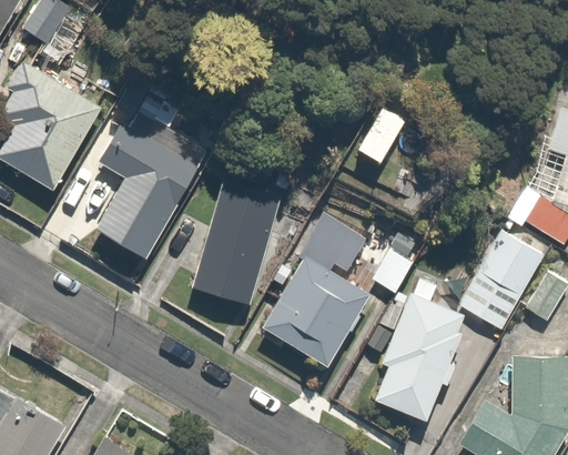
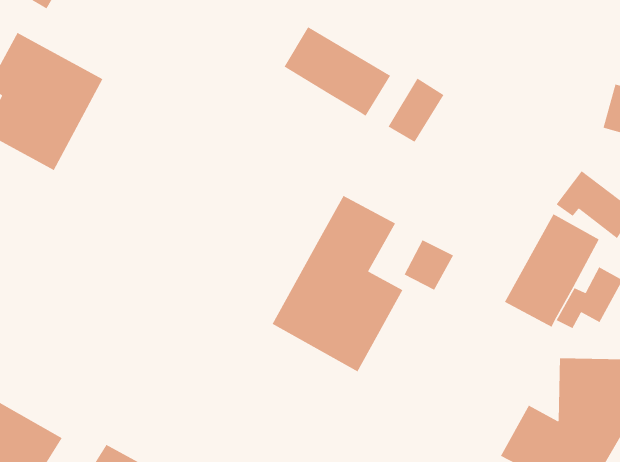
building: none -> [283,26,391,117]
building: [91,117,207,262] -> none
building: [191,179,281,306] -> none
building: [371,291,467,423] -> none

